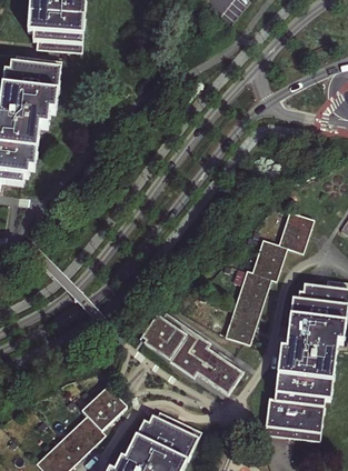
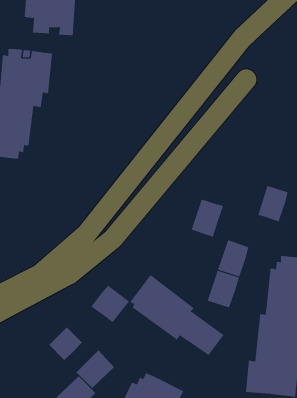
building: [251,238,287,279] -> [191,199,224,237]
building: none -> [91,285,130,323]
building: none -> [49,326,83,361]

